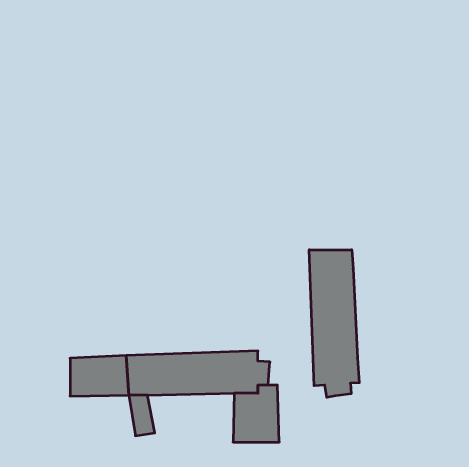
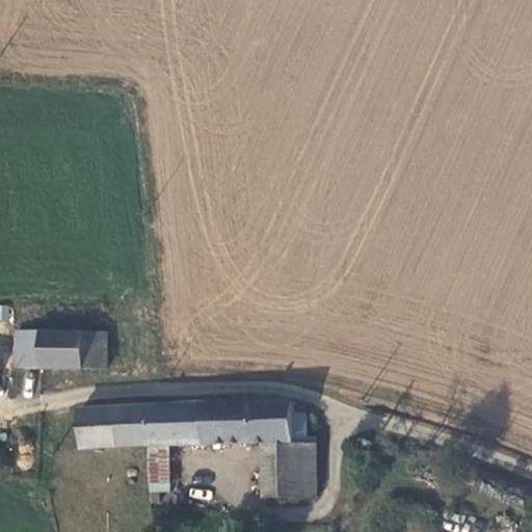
building: [309,250,359,397] -> none
building: none -> [21,329,109,370]

